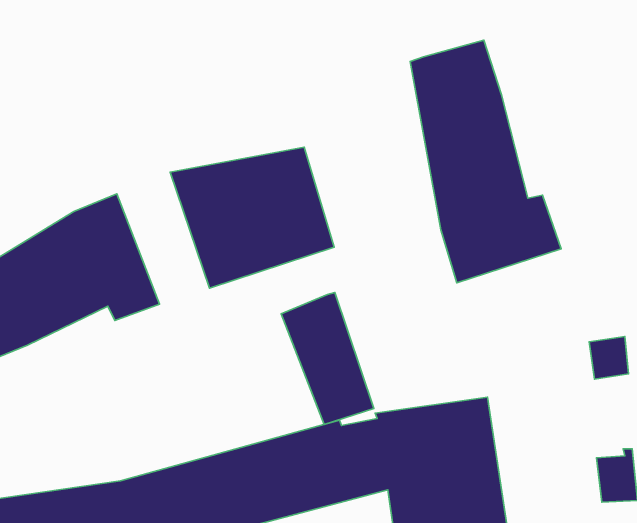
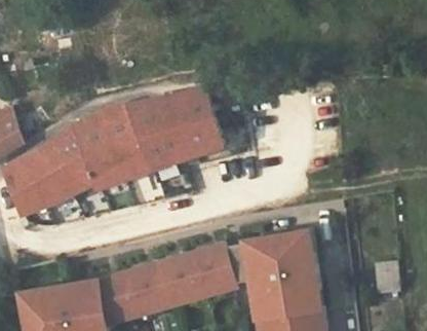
building: [410,40,561,283] -> none
building: [281,293,374,425] -> [96,102,150,178]

